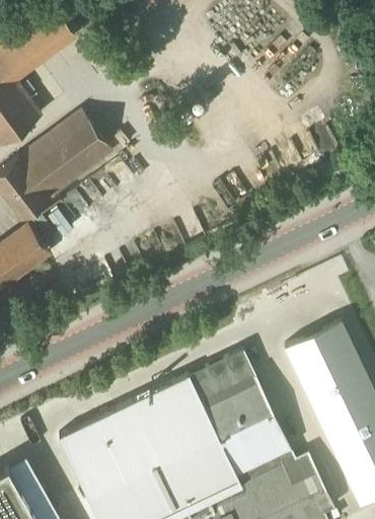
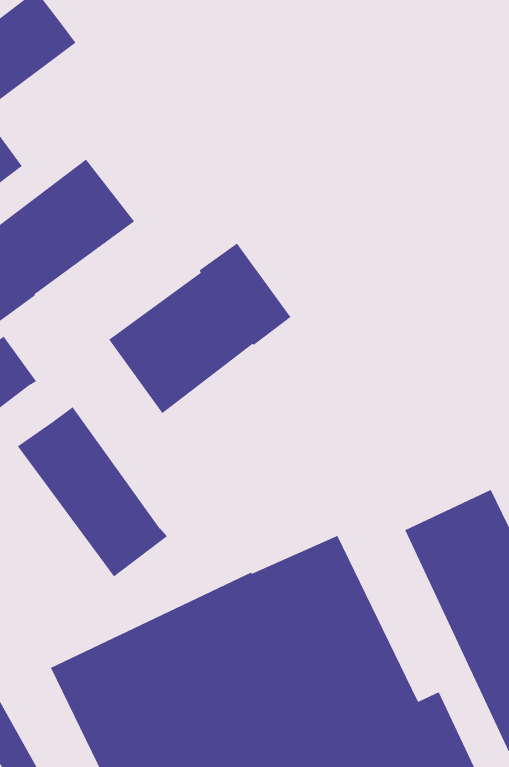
building: none -> [108,242,291,414]
building: none -> [17,406,168,577]

